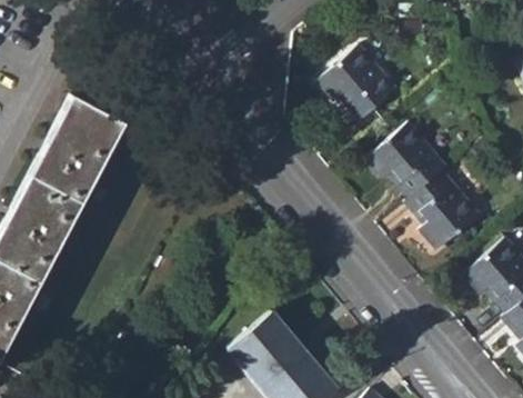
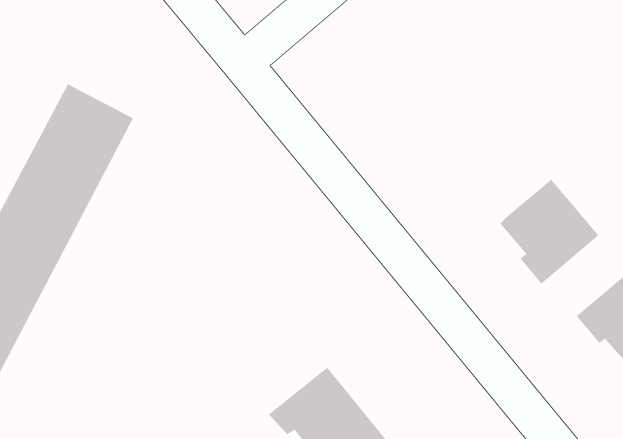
building: [314,44,395,120] -> none
building: [363,121,446,197] -> none

